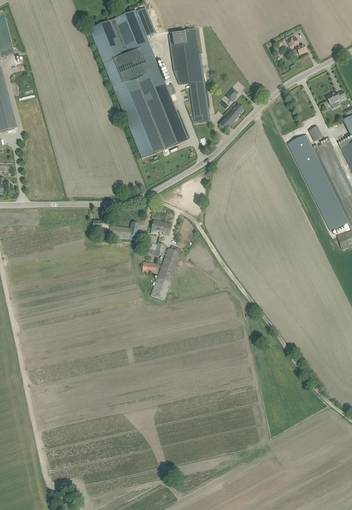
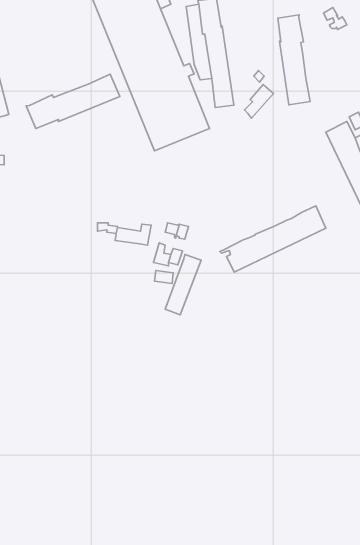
building: none -> [278,15,310,105]
building: none -> [26,74,120,128]
building: none -> [220,206,326,272]

